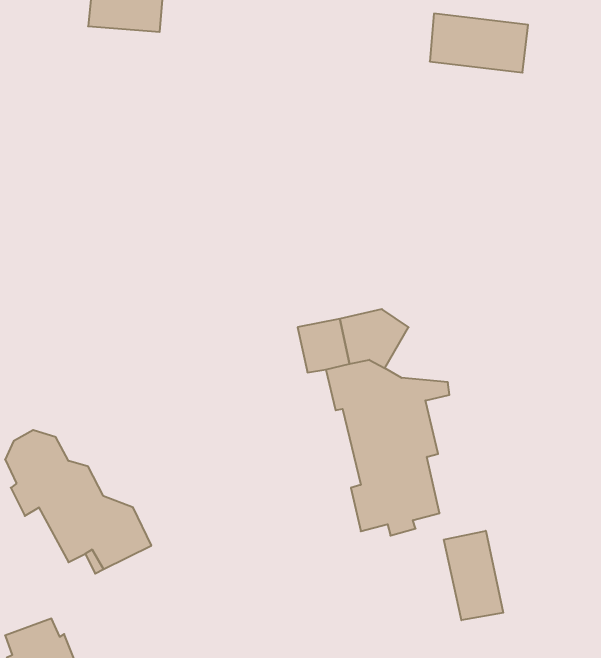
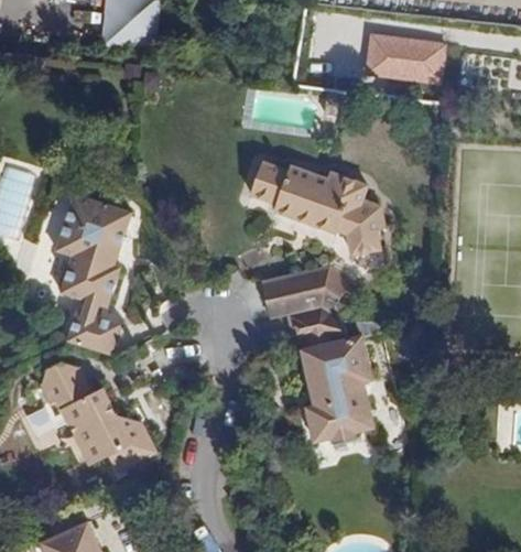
building: none -> [253,161,388,257]
building: none -> [45,190,120,351]
building: [444,531,503,620] -> none

